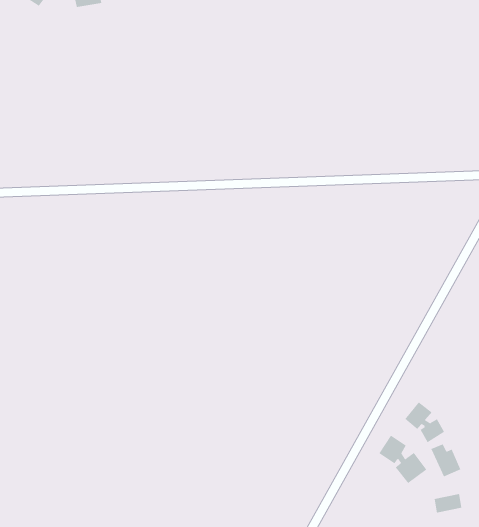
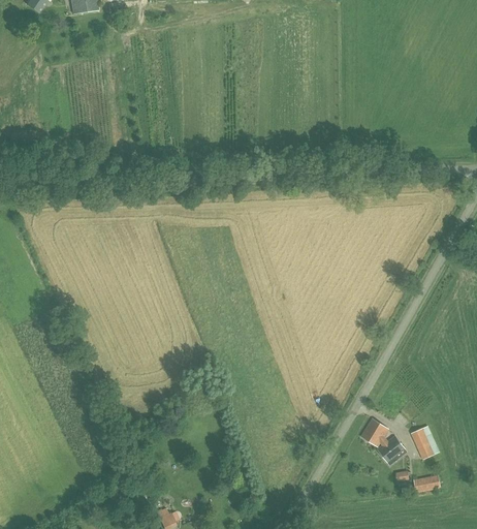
building: [404,402,445,443] -> none

